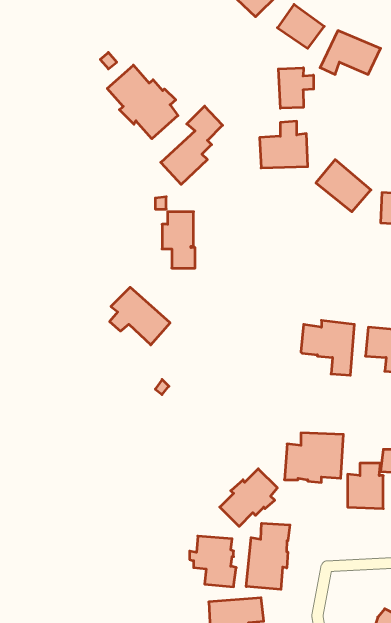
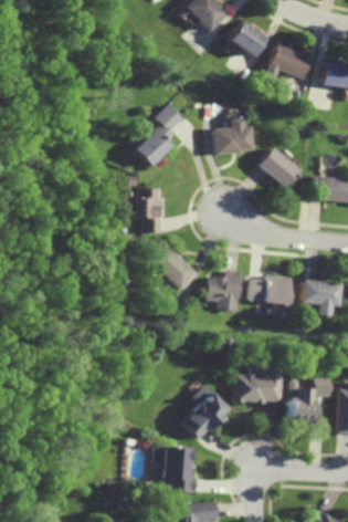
building: [107,65,178,139] -> none
building: [278,68,314,108] -> none
building: [110,287,170,345] -> [149,244,198,291]
building: none -> [209,271,244,311]
building: [246,523,290,589] -> none

